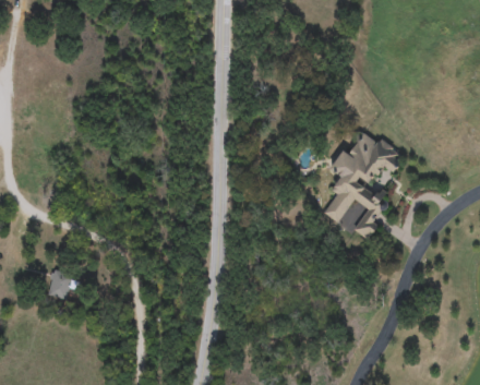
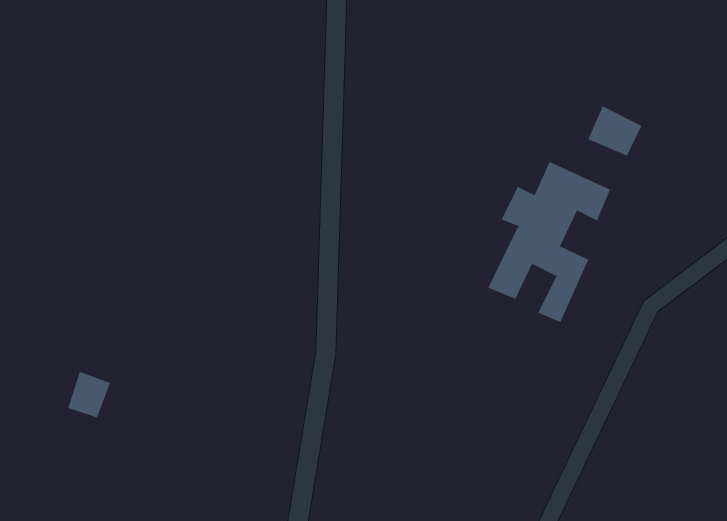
building: none -> [587,105,642,157]

